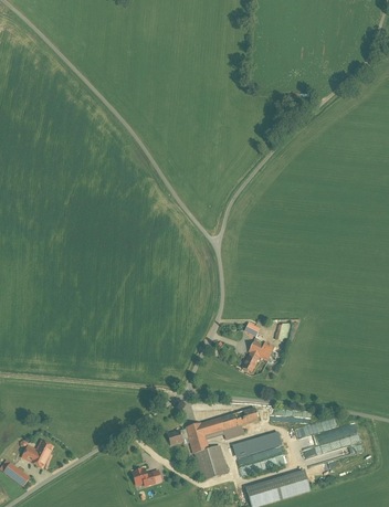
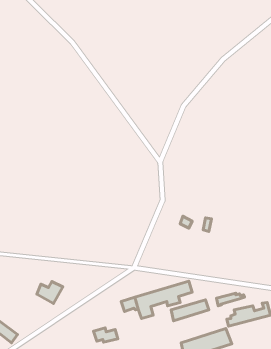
building: [241,339,275,372] -> none
building: [21,440,55,468] -> [37,282,63,304]
building: [193,446,229,480] -> none

